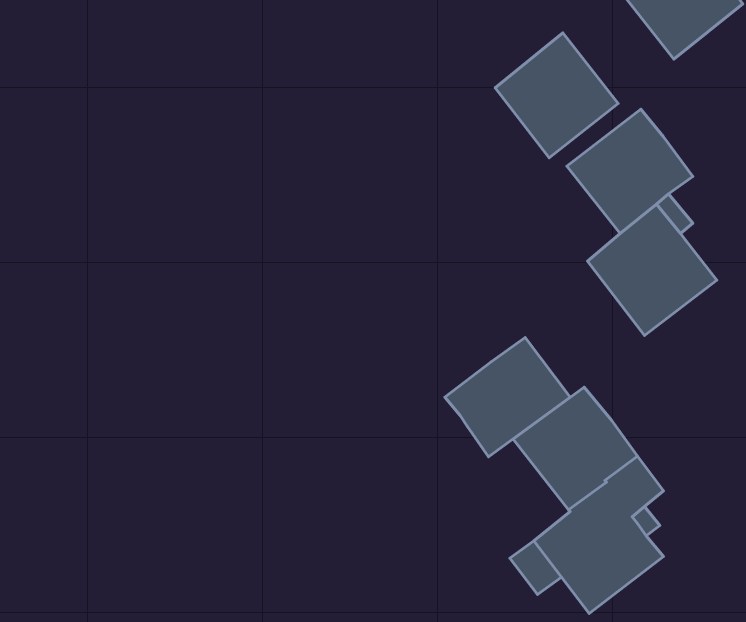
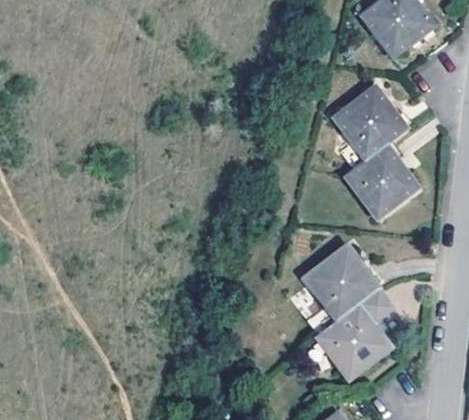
building: [495,33,618,158] -> none
building: [445,338,570,457] -> none

